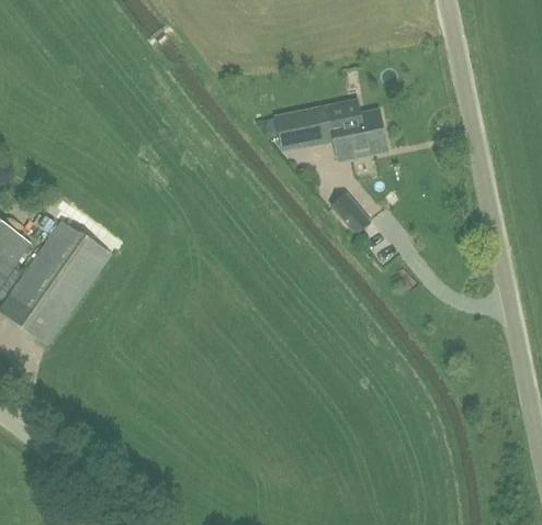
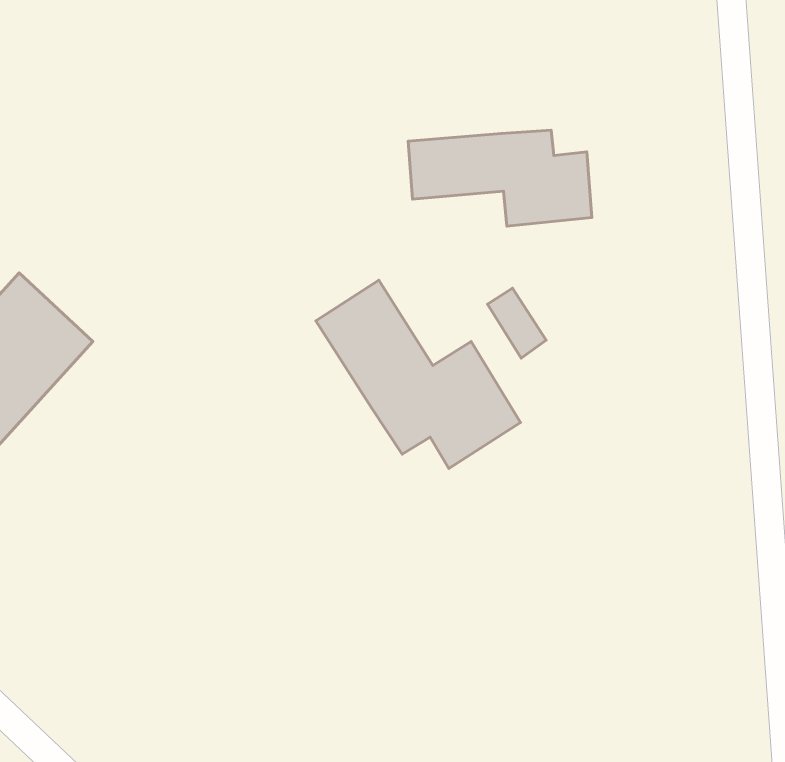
building: none -> [316,280,520,469]

